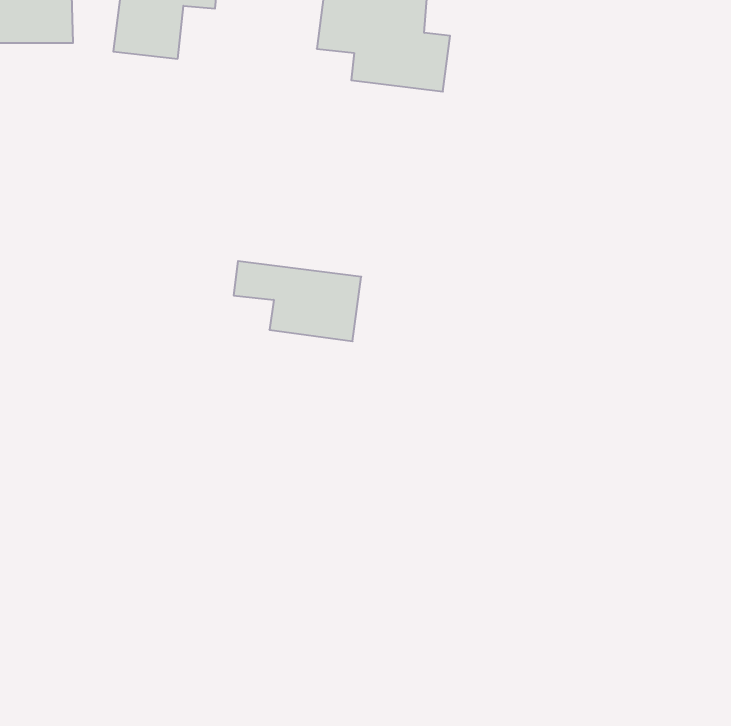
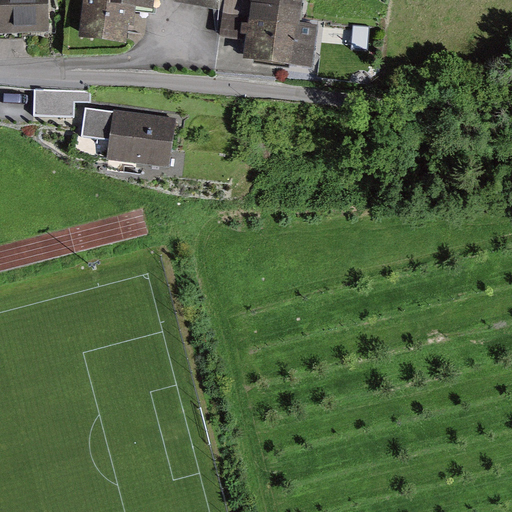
building: none -> [33,88,89,115]
building: [234,261,361,341] -> [83,110,172,166]

